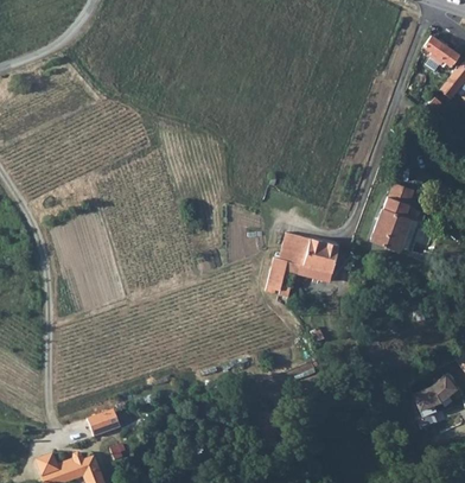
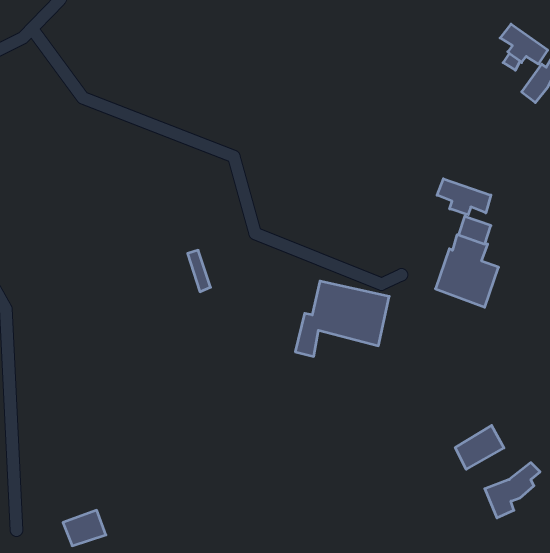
building: none -> [437,179,491,215]
building: none -> [455,425,504,469]

